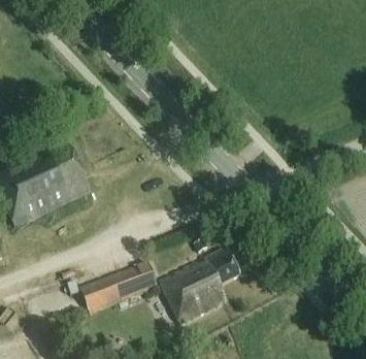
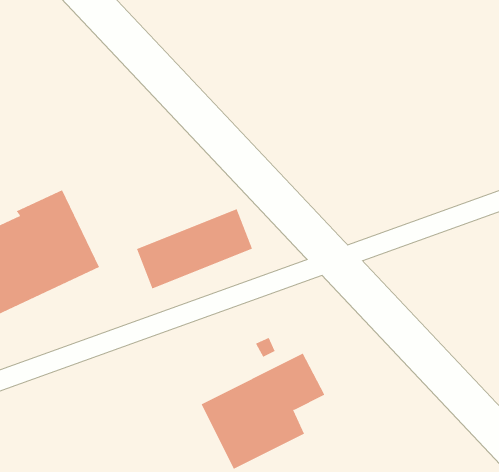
building: [80,259,158,313] -> [136,208,253,289]

